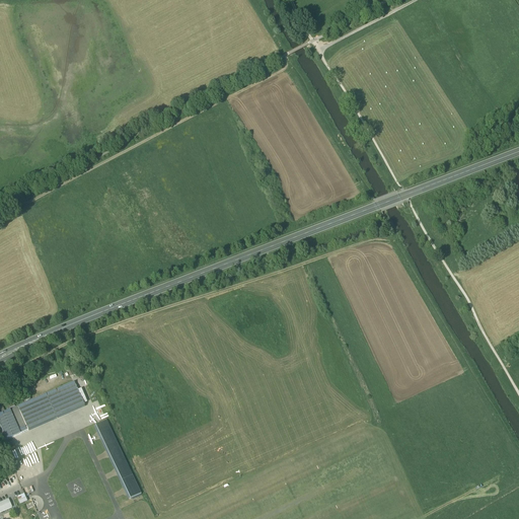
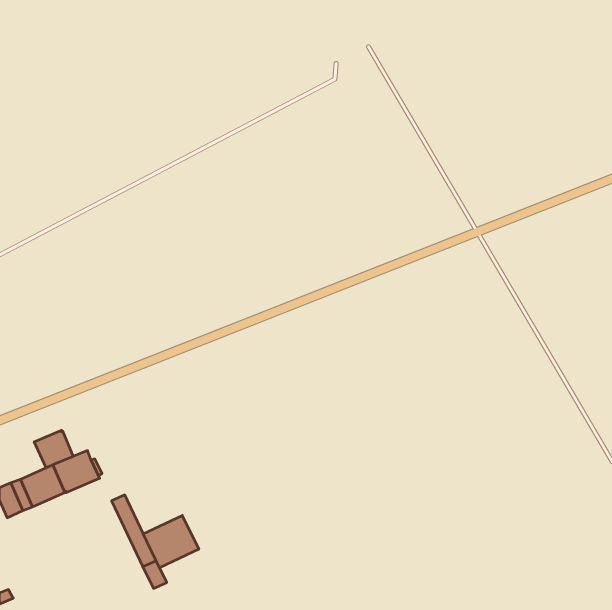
building: none -> [34,430,73,468]
building: none -> [143,515,199,568]

